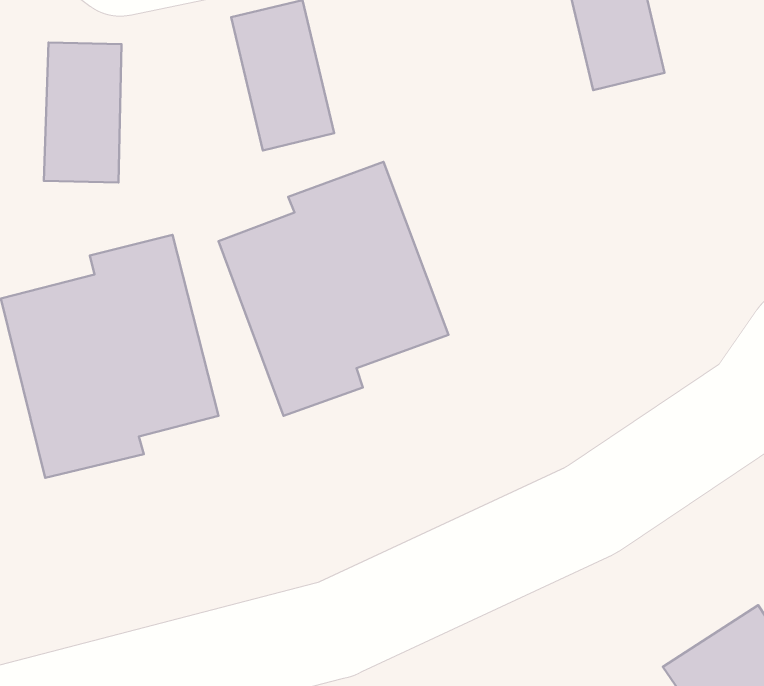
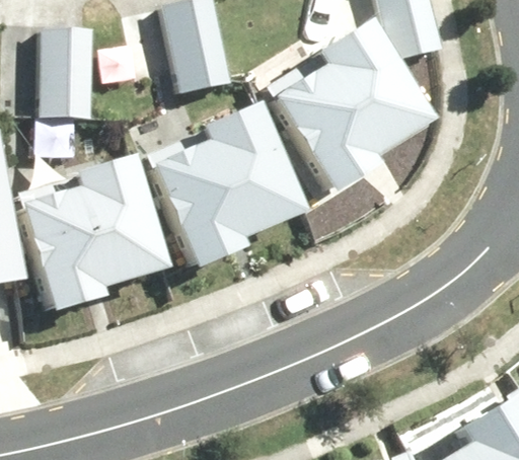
building: none -> [266,22,421,194]

